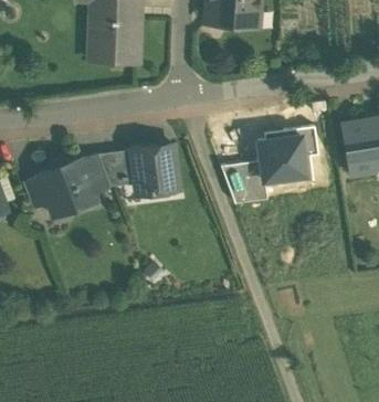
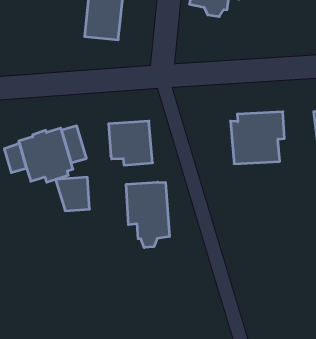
building: [97,150,135,187] -> [55,177,90,211]
building: [219,160,265,203] -> none
building: none -> [126,182,169,248]

